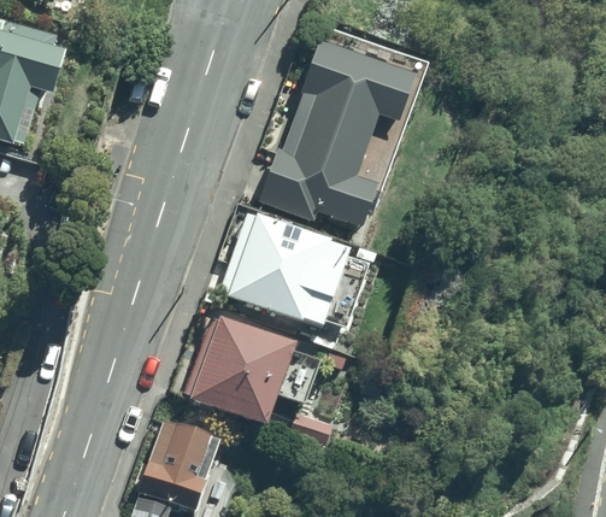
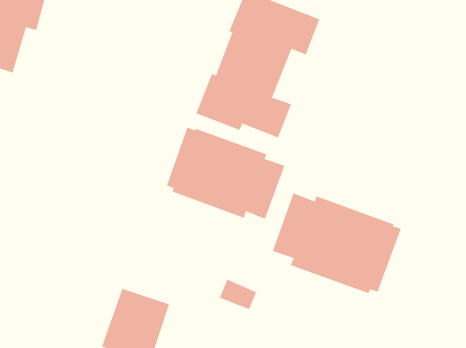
building: none -> [272,193,402,294]
building: [182,315,319,429] -> none

